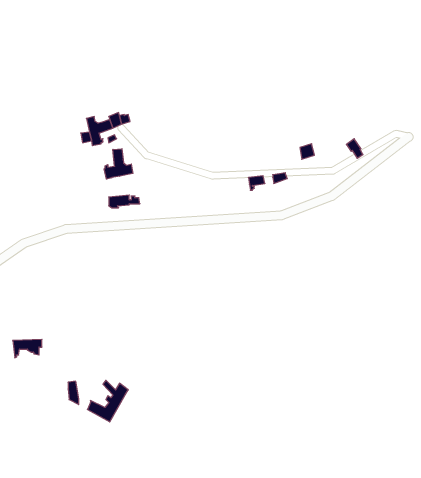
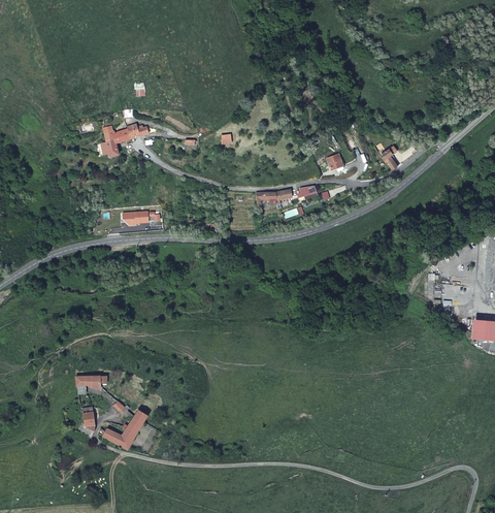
building: [104,149,133,179] -> none
building: [13,339,42,358] -> [75,375,106,394]

